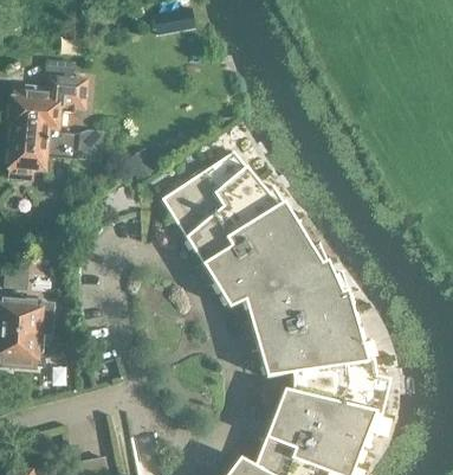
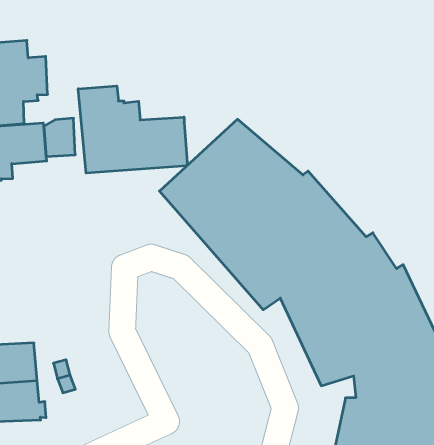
building: none -> [78,86,187,173]

